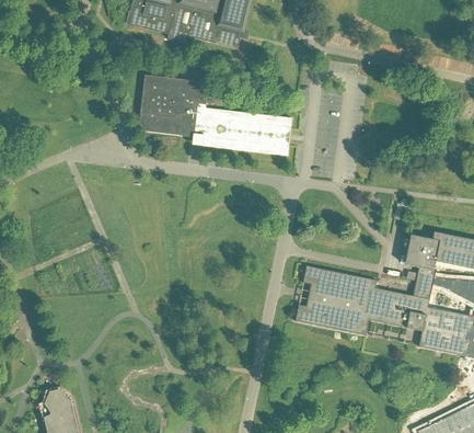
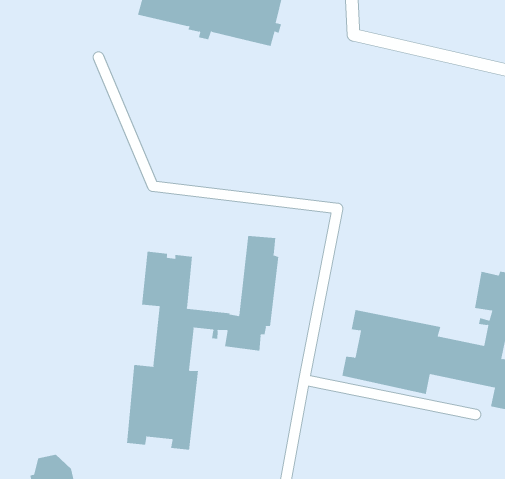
building: [138,75,292,155] -> none
building: none -> [126,235,279,451]

